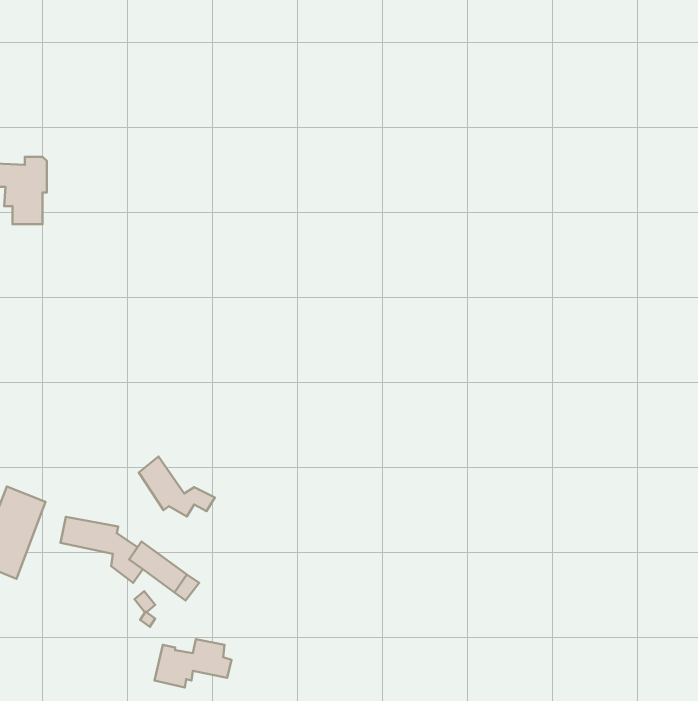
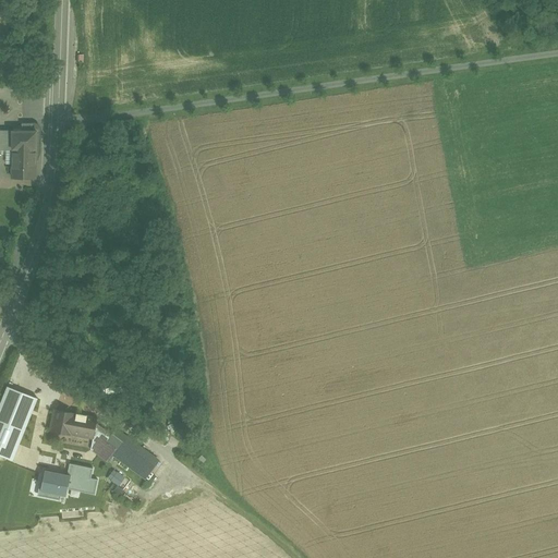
building: [139,456,215,517] -> none
building: [155,639,231,687] -> [34,464,95,502]

